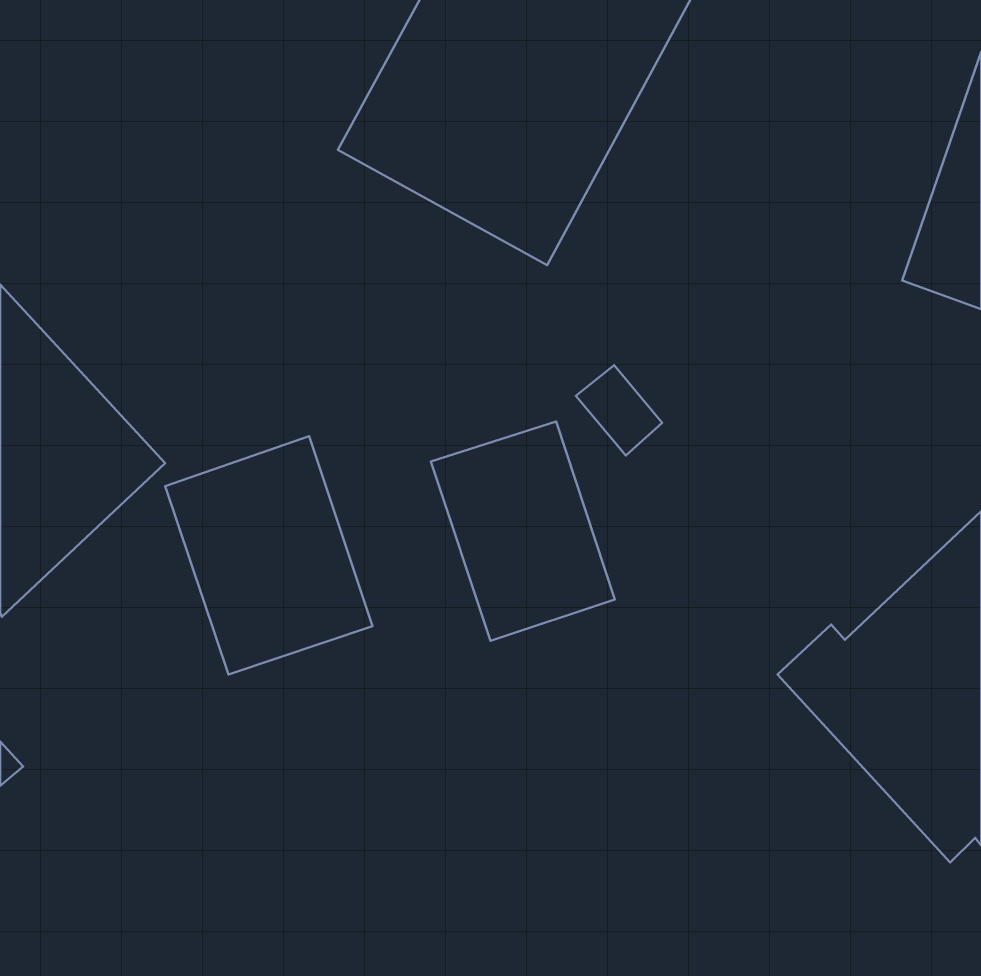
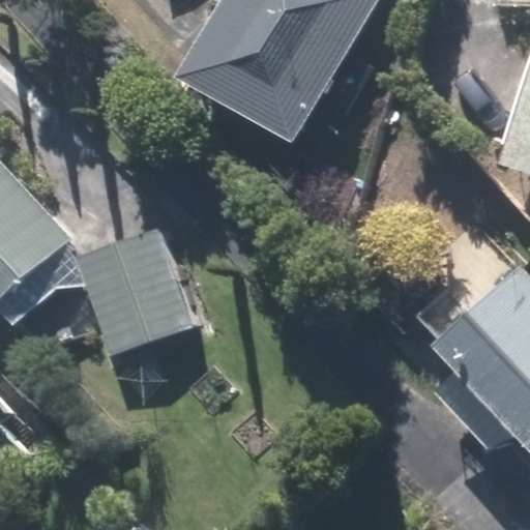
building: [431,422,615,641] -> none

